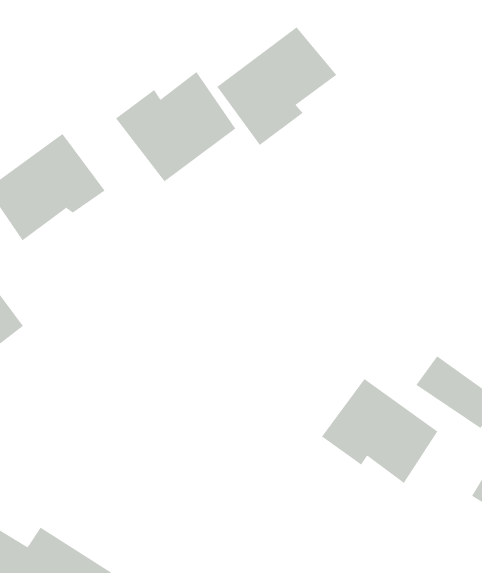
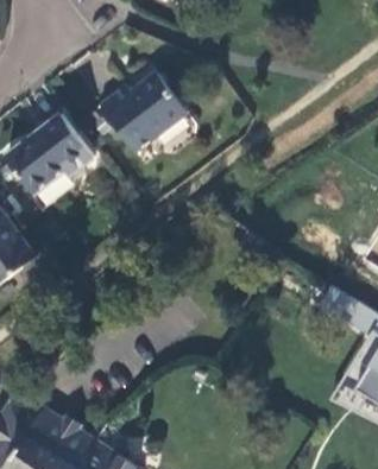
building: [217,26,337,146] -> none
building: [321,378,438,484] -> none

